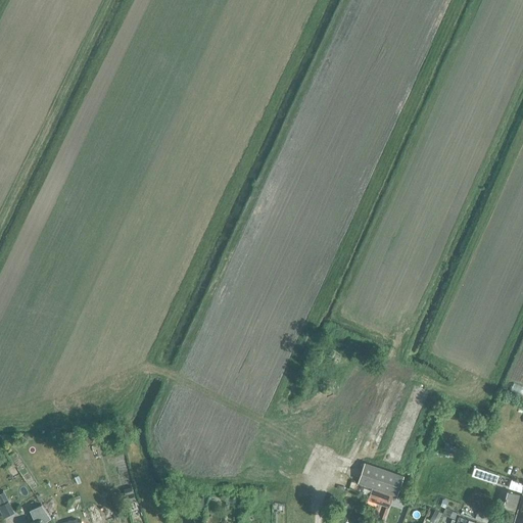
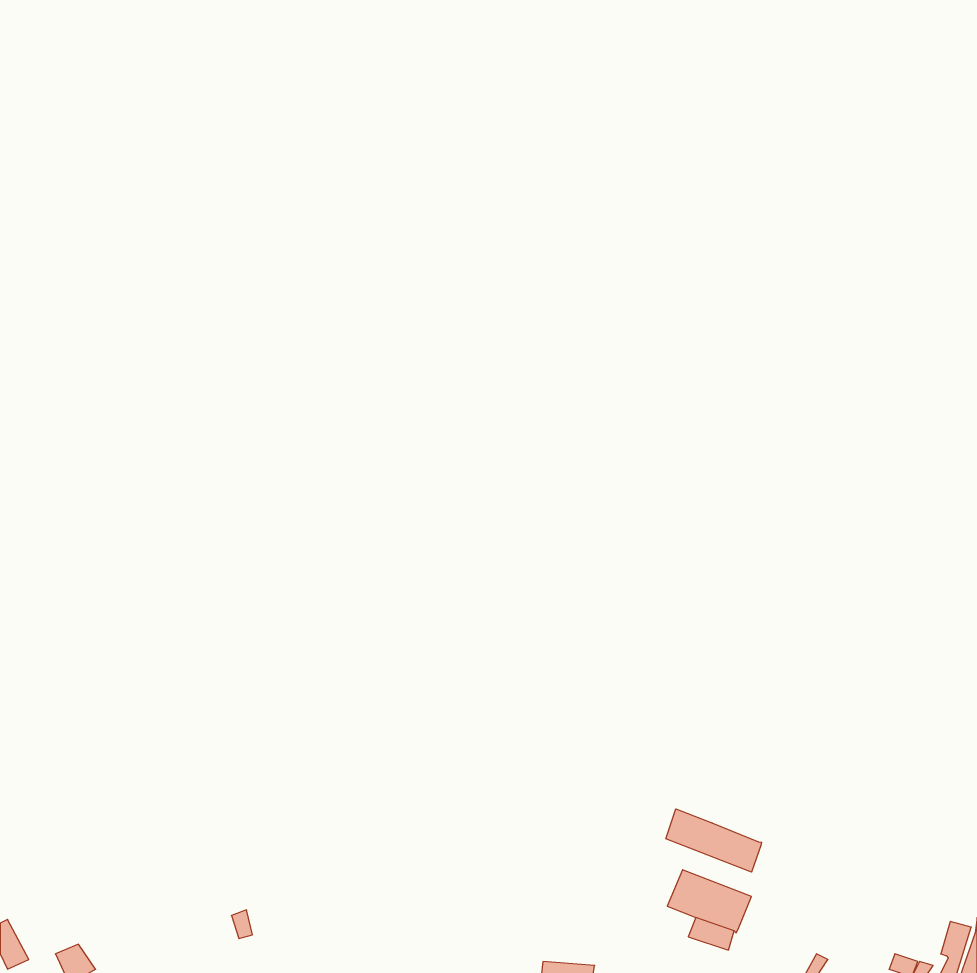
building: none -> [666,809,762,872]

